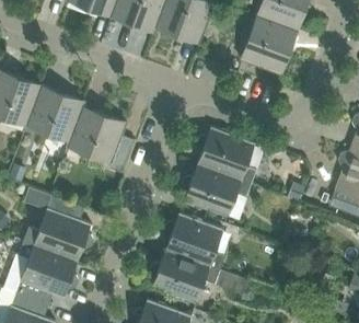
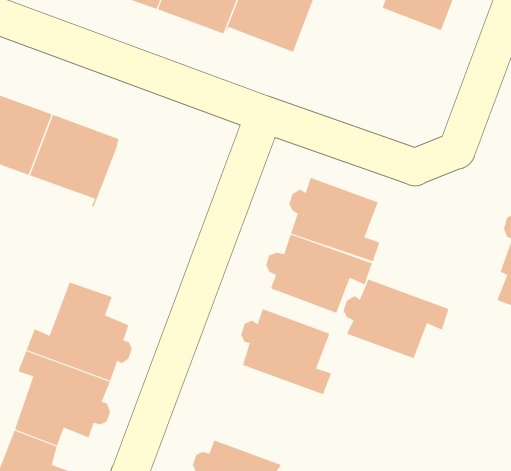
building: [240,16,297,77] -> none
building: [68,108,134,174] -> none
building: [149,252,219,304] -> [343,279,449,359]

